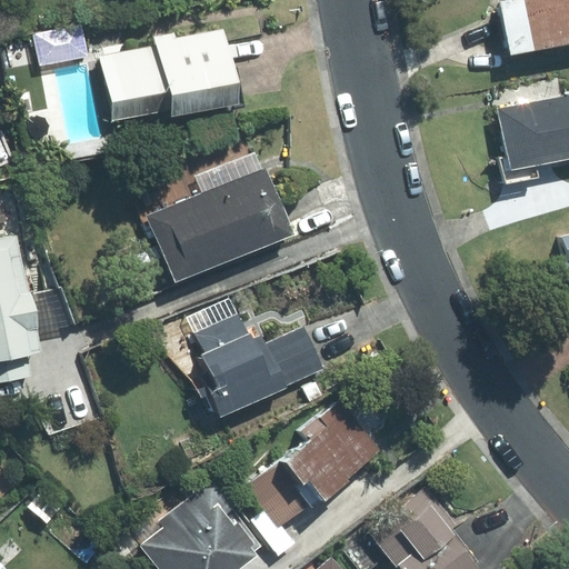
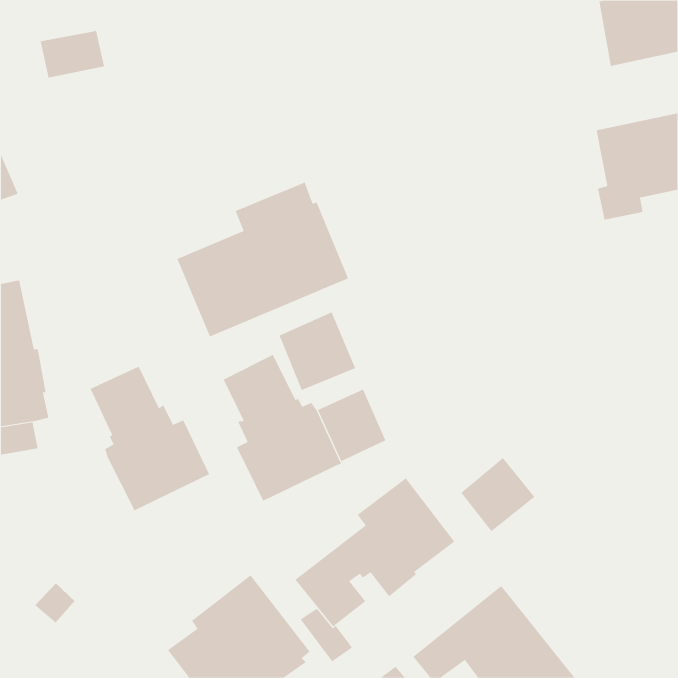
building: [100,29,238,121] -> none
building: none -> [279,311,356,391]
building: none -> [90,366,210,511]
building: none -> [460,457,535,532]

